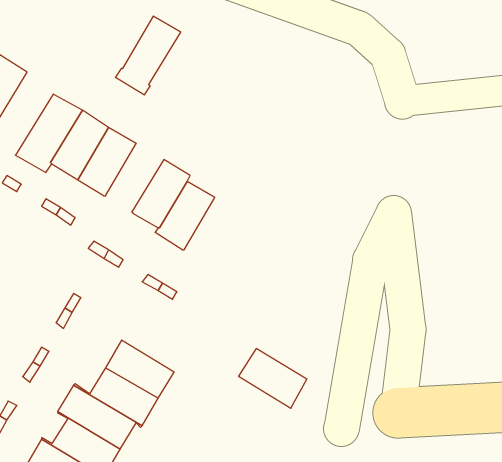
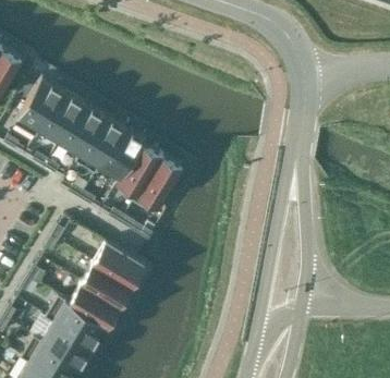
building: [115,16,181,95] -> [77,114,126,173]
building: none -> [136,155,185,214]
building: [239,349,307,408] -> [95,241,146,285]

